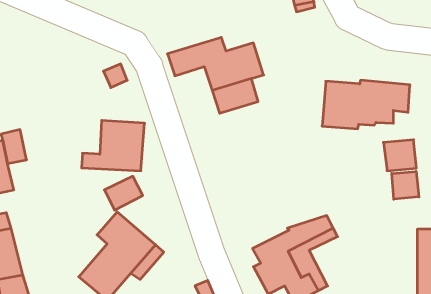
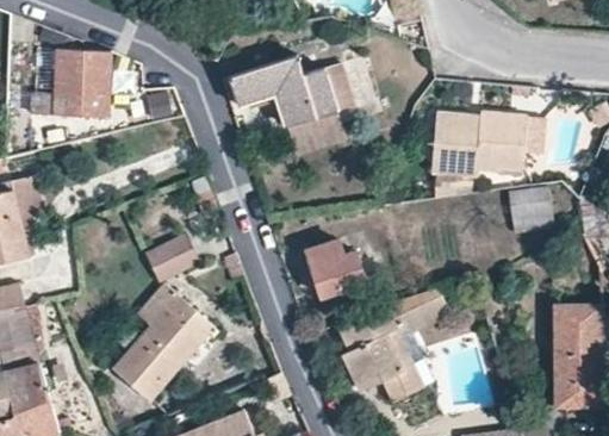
building: [82,120,145,171] -> [30,50,112,116]
building: [392,171,419,199] -> none
building: none -> [305,241,365,294]

